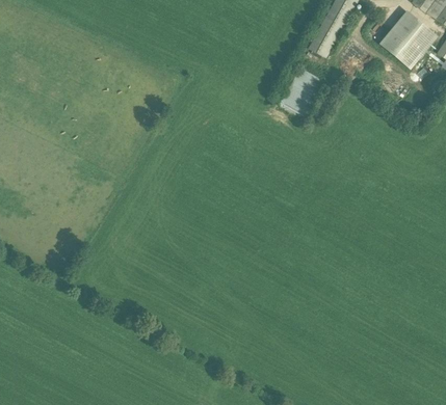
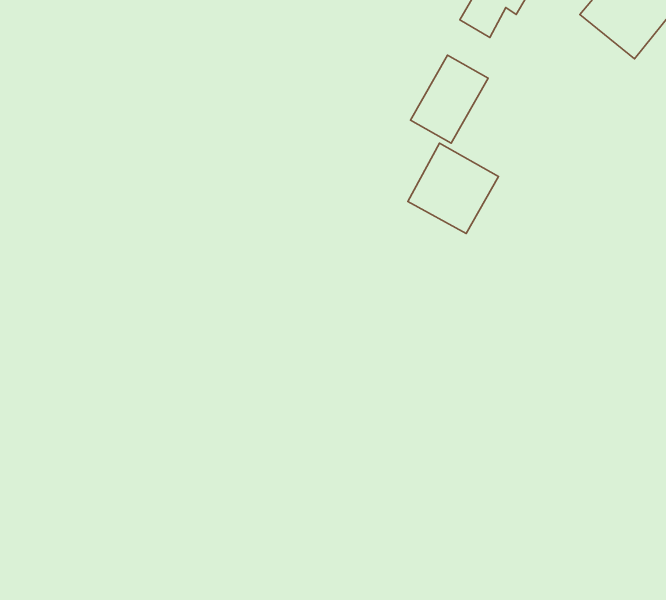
building: none -> [408,143,498,234]

